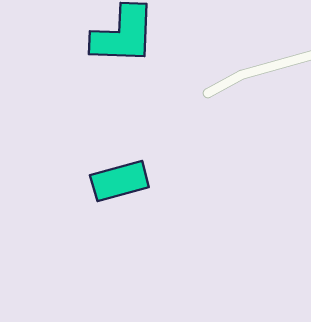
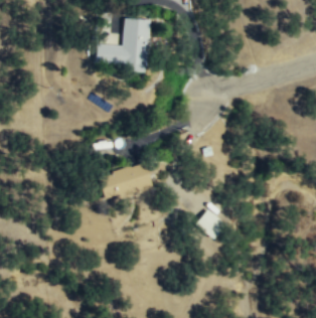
building: none -> [194,205,224,240]

